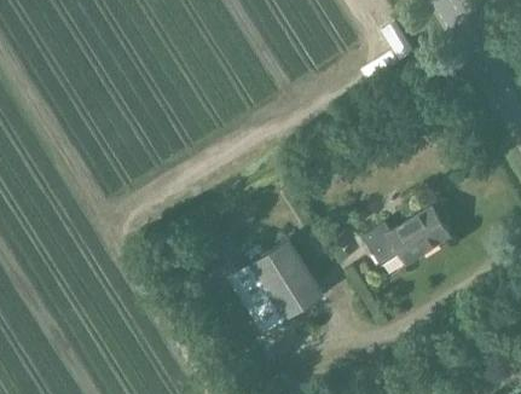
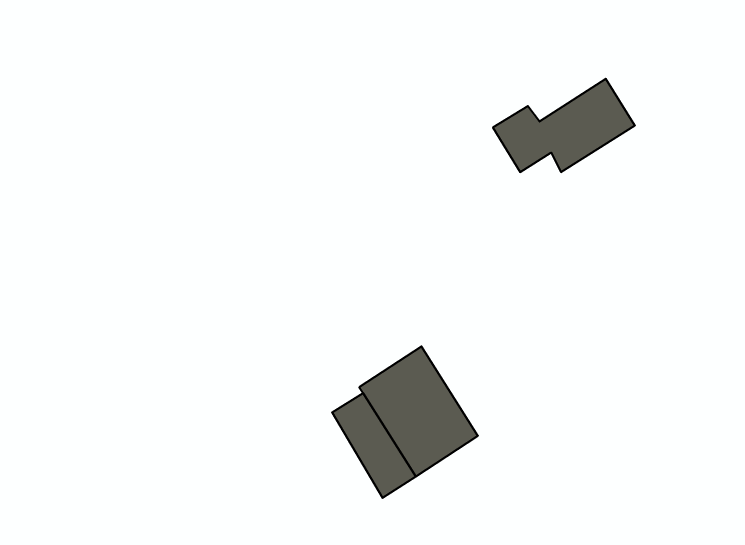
building: [364,207,452,265] -> [493,79,635,172]

